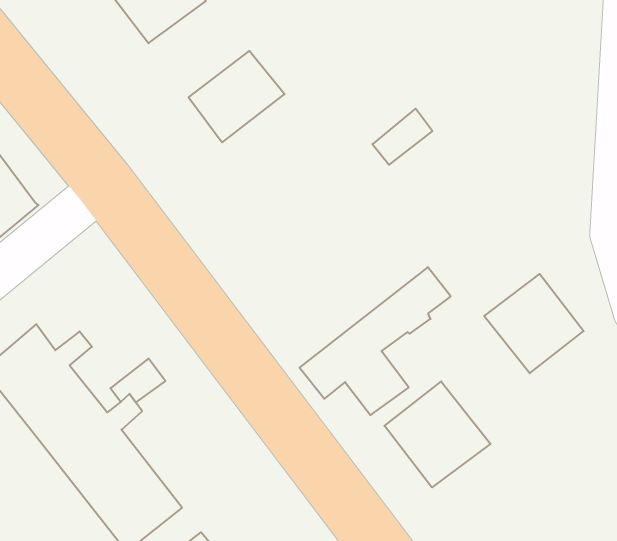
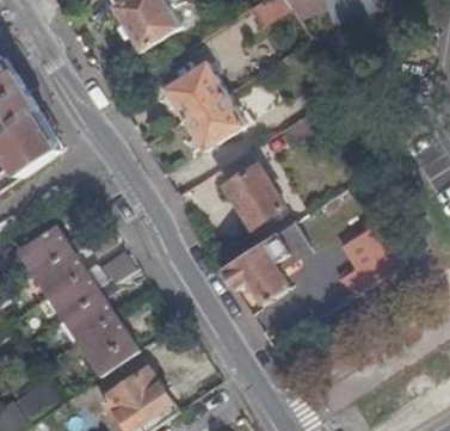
building: none -> [184,92,246,150]
building: none -> [226,165,284,227]
building: [384,381,491,487] -> none

